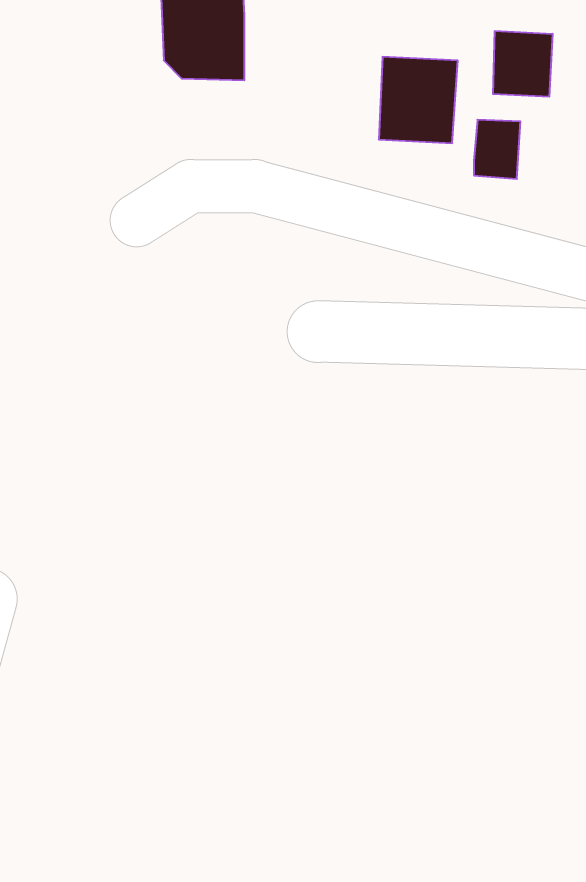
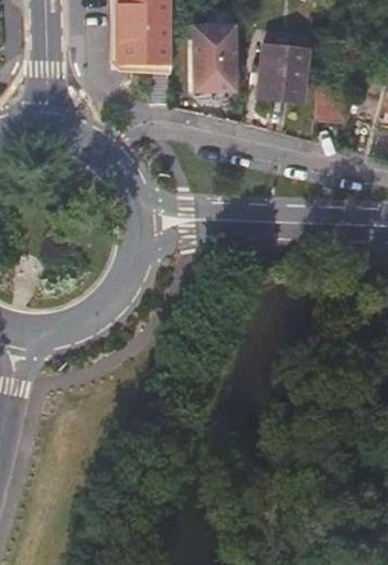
building: none -> [195,25,236,88]
building: [493,31,553,97] -> none

